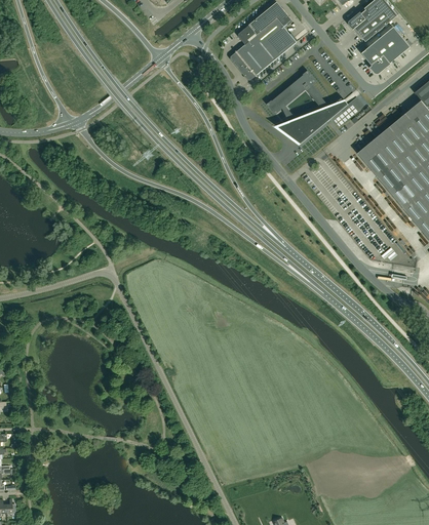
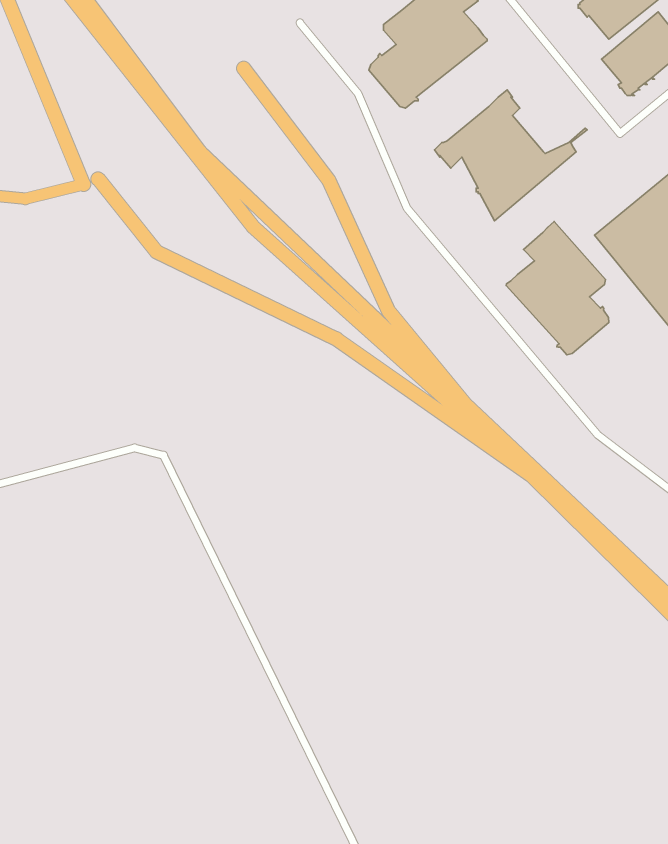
building: none -> [506,221,609,355]

